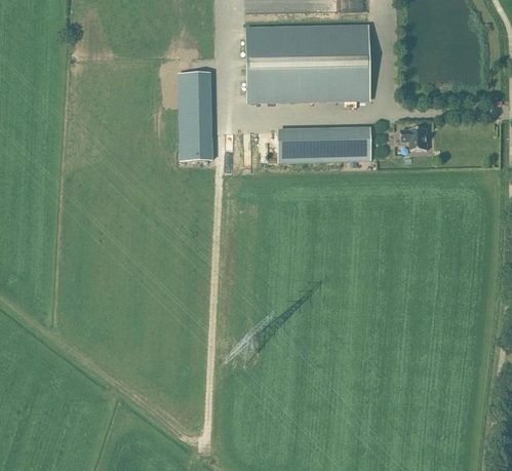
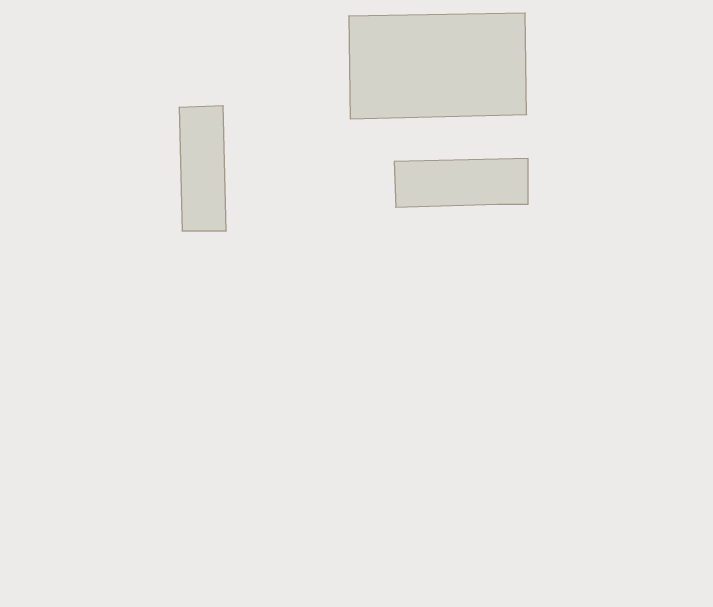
building: [181,75,213,162] -> [179,106,226,231]
building: [400,126,426,149] -> none

